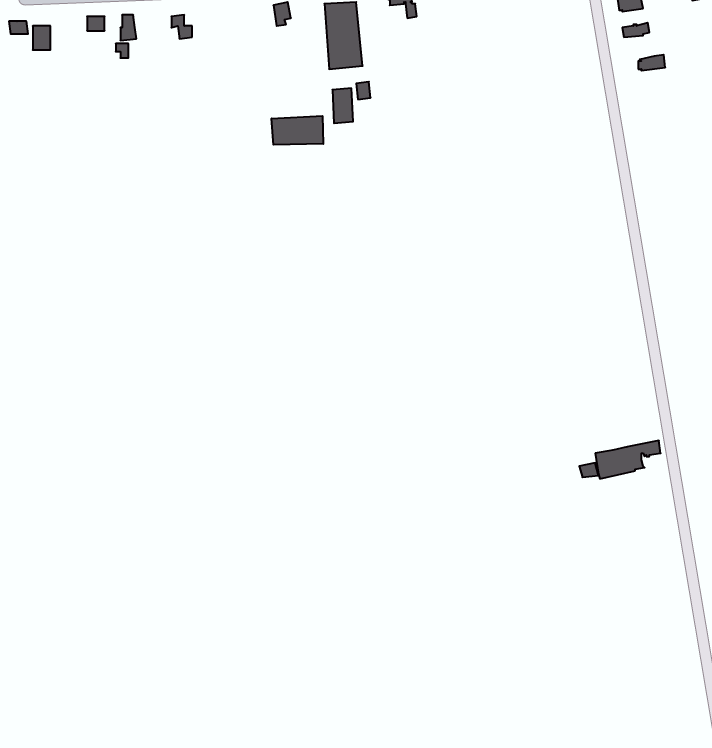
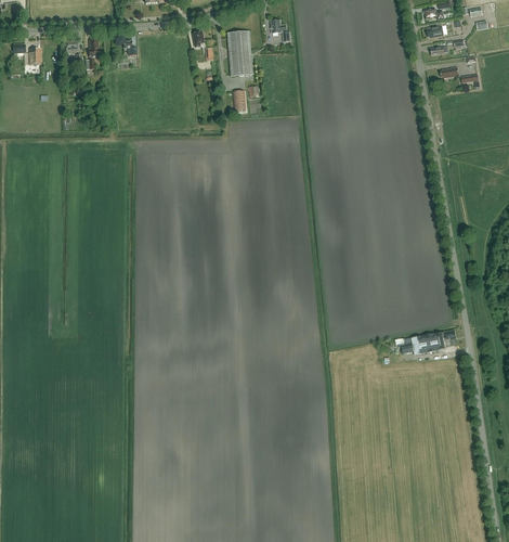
building: [272,116,323,145] -> none

